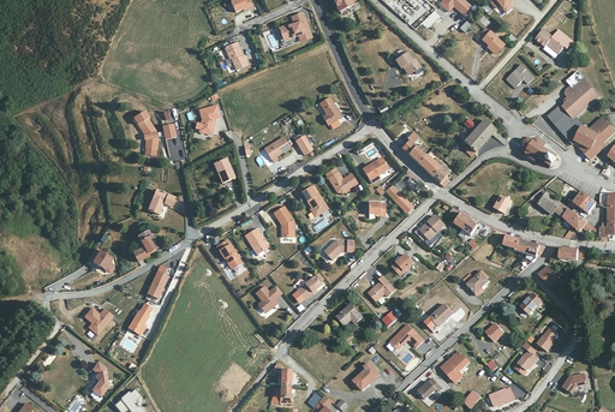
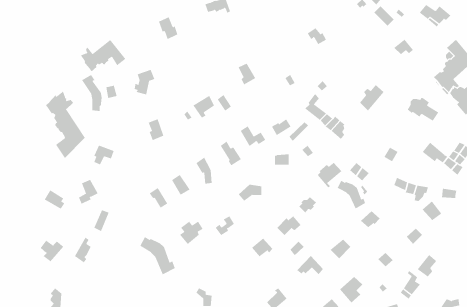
building: none -> [80,39,126,72]
building: none -> [45,91,85,159]
building: none -> [337,180,366,210]
building: none -> [139,236,176,275]

